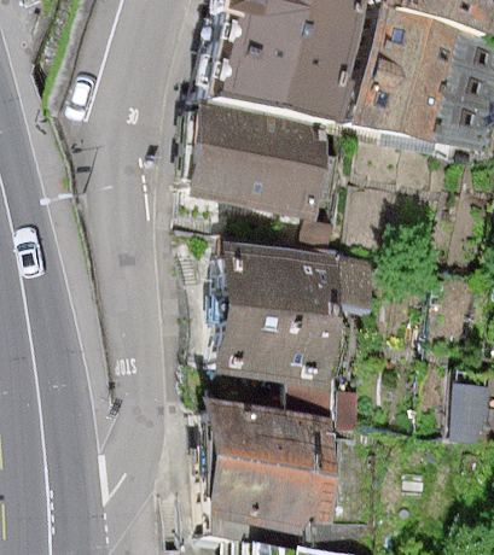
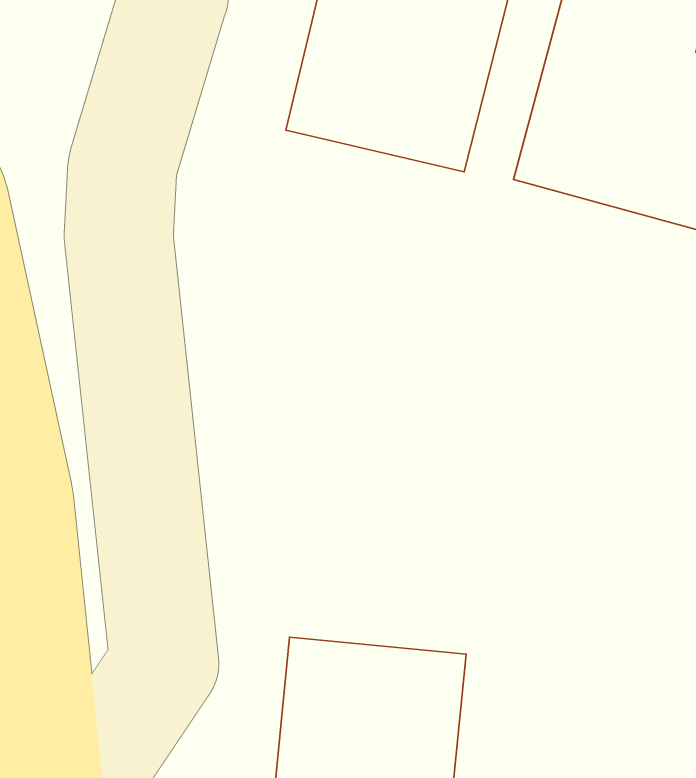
building: [198,107,327,208] -> none
building: [217,252,371,372] -> none

